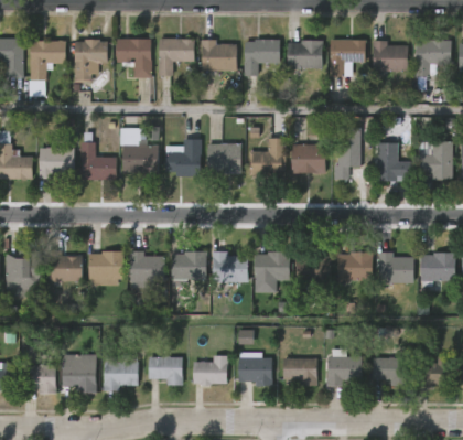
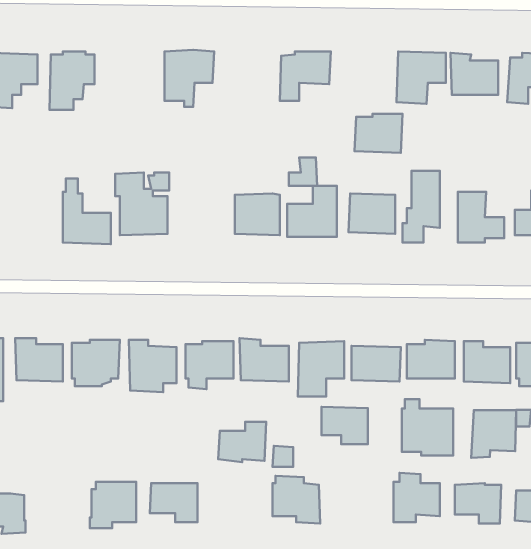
building: [116,37,150,77] -> none
building: [201,39,236,71] -> none
building: [287,40,322,68] -> [355,114,402,153]
building: [166,140,202,178] -> none
building: [41,148,75,180] -> none
building: none -> [402,399,453,455]
building: none -> [471,410,516,458]
building: [63,354,98,391] -> none
building: [192,356,227,386] -> [218,422,266,462]
building: [282,358,316,386] -> [322,407,368,444]

